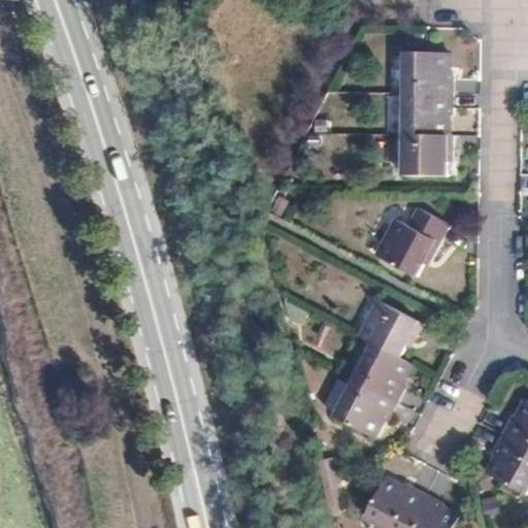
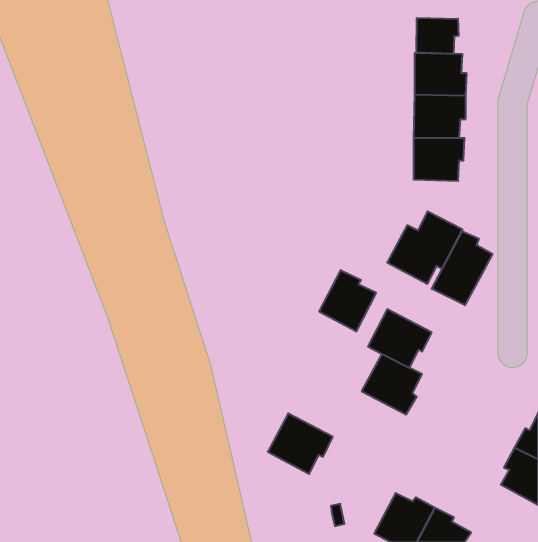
building: none -> [417,18,458,54]
building: none -> [432,231,493,305]
building: none -> [319,270,376,332]
building: [331,380,394,438] -> [268,413,333,474]

